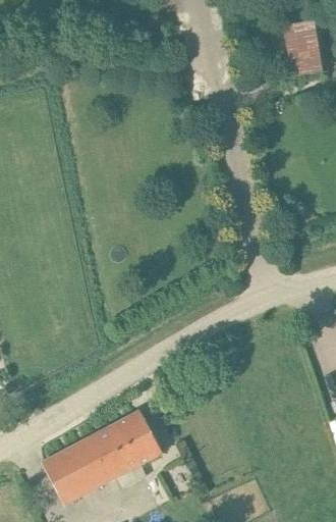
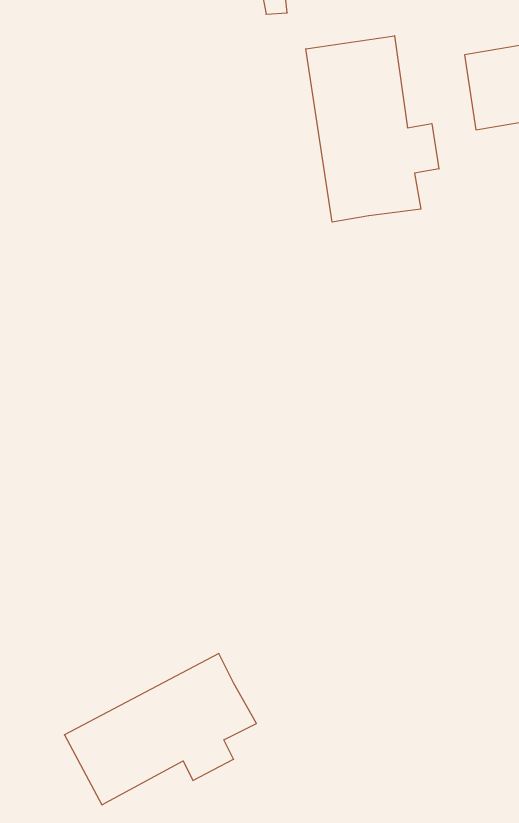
building: none -> [306,36,439,222]

